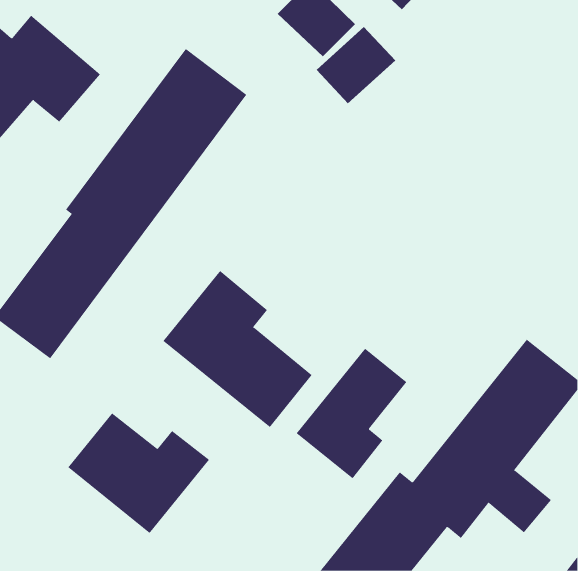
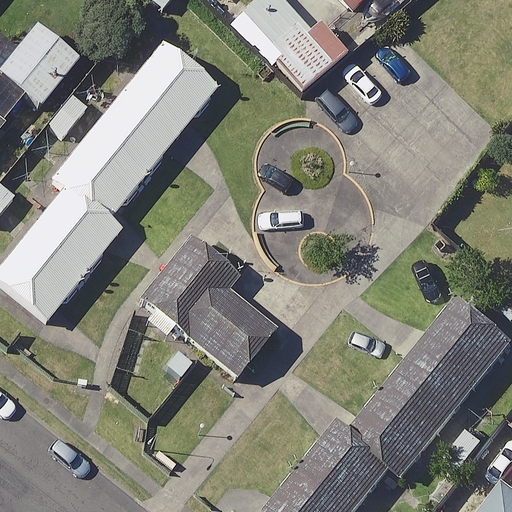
building: [296,348,407,479] -> none
building: [68,412,210,534] -> none

